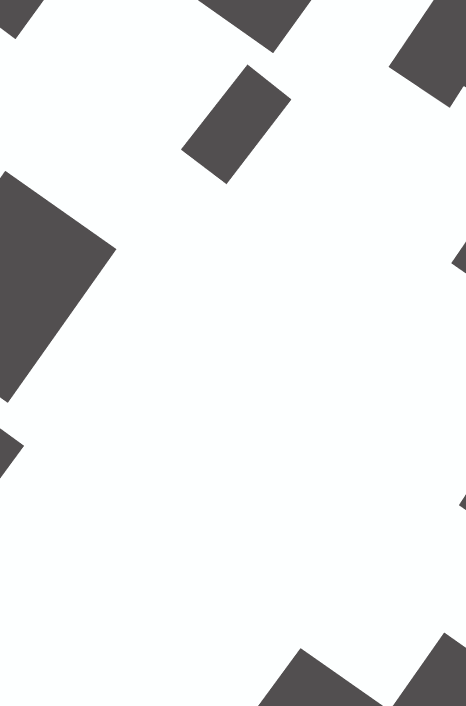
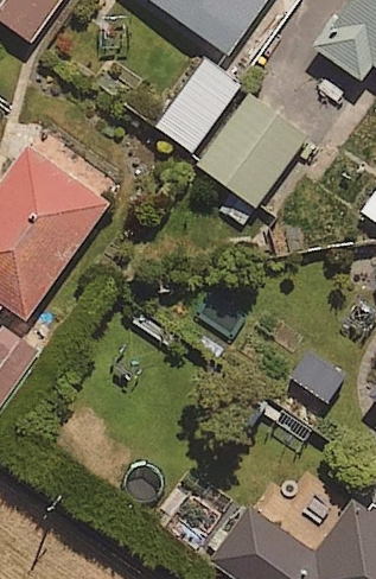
building: none -> [198,95,307,208]

